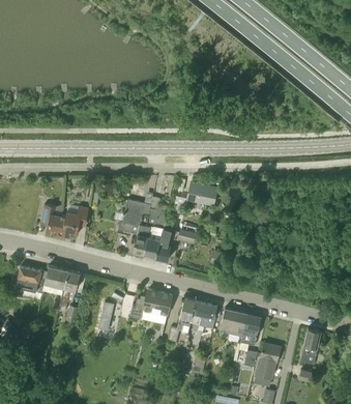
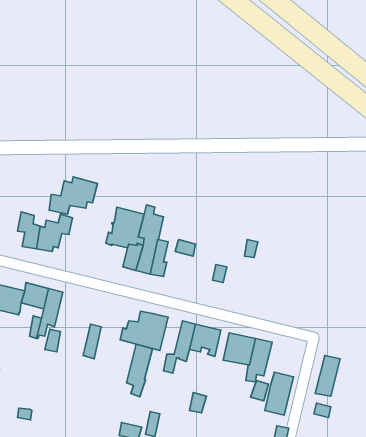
building: none -> [49,177,98,214]
building: [186,180,218,205] -> none
building: none -> [127,344,153,397]

